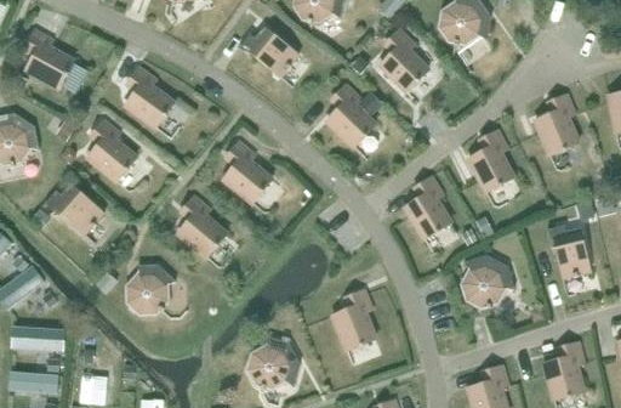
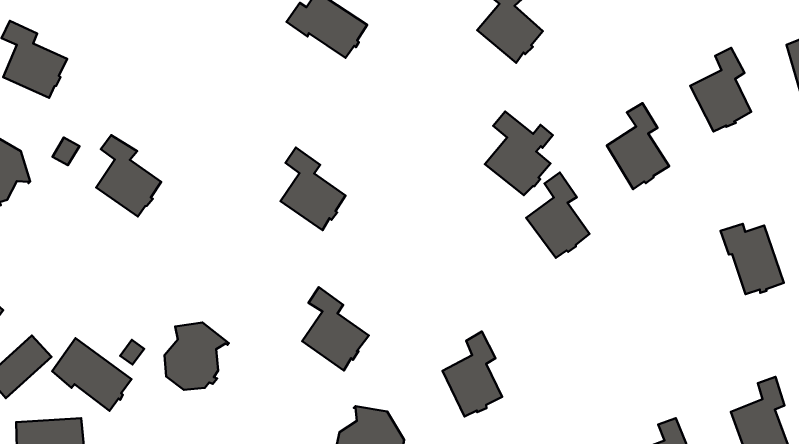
building: [125,66,173,126] -> none
building: [326,83,378,146] -> [485,112,553,195]
building: [45,178,103,234] -> [52,338,131,411]
building: [177,194,227,257] -> [302,287,369,370]
building: [462,253,514,307] -> none

